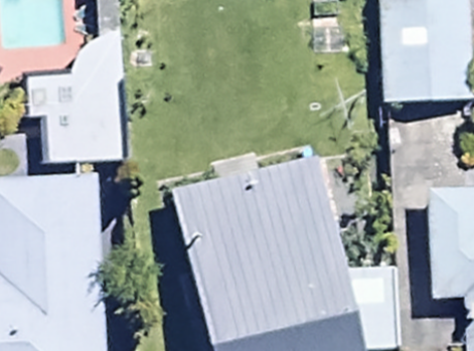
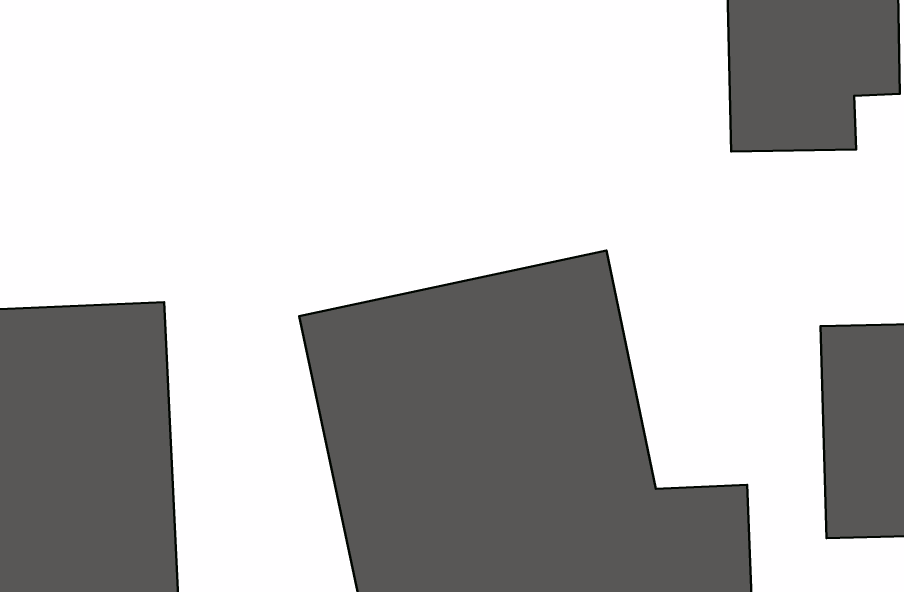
building: [28,35,120,163] -> none

